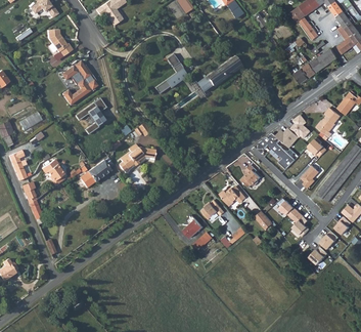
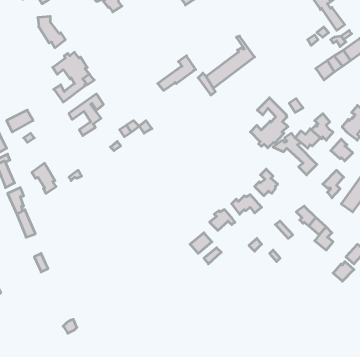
building: none -> [250,98,288,148]
building: [119,144,155,173] -> none
building: [80,160,111,186] -> none

